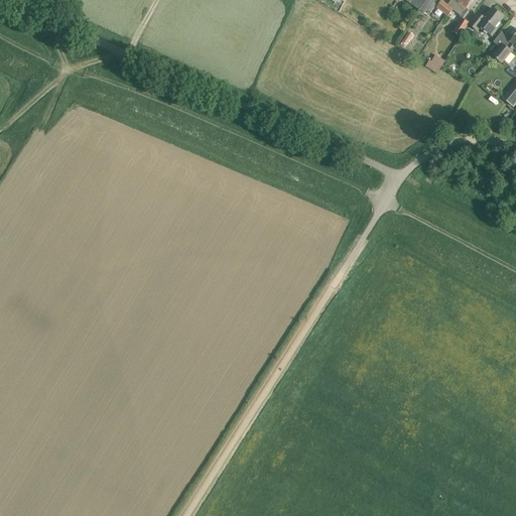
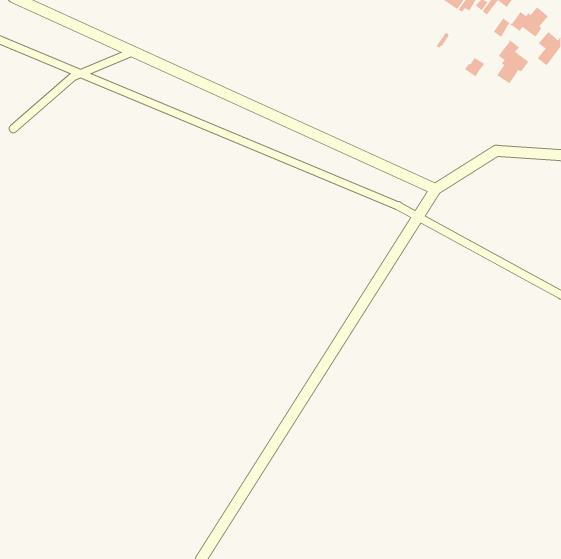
building: none -> [497,39,529,84]

